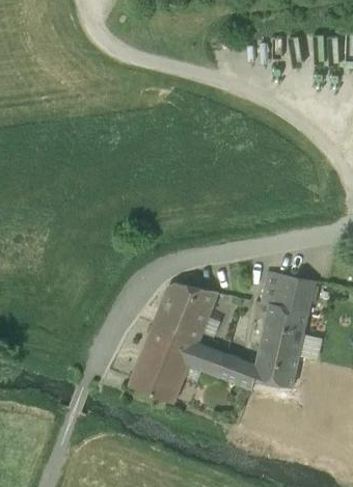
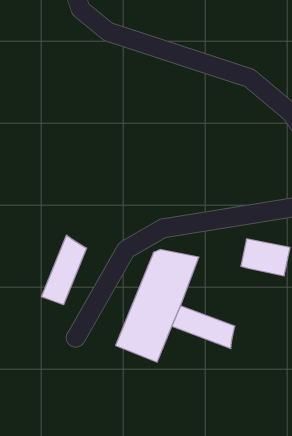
building: none -> [42,235,87,305]
building: [253,302,309,387] -> none

